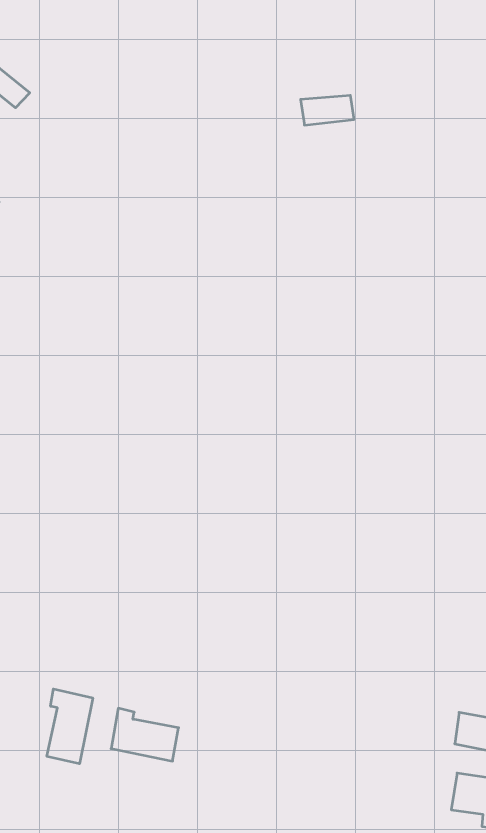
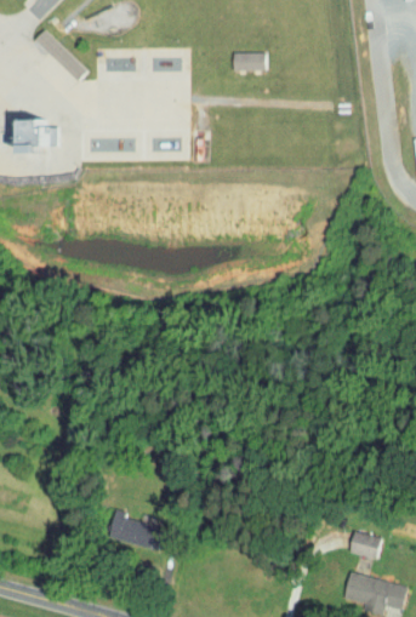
building: [301,95,354,125] -> [230,53,267,72]
building: [47,689,93,764] -> none

